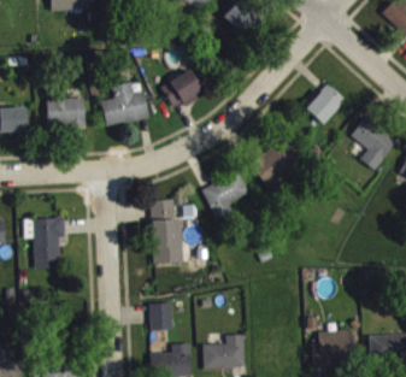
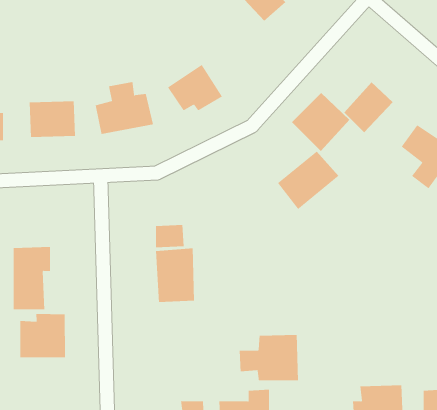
building: none -> [291,92,350,152]
building: [202,173,249,218] -> none
building: none -> [20,313,66,358]
building: none -> [239,334,299,381]
building: [149,302,173,330] -> none

